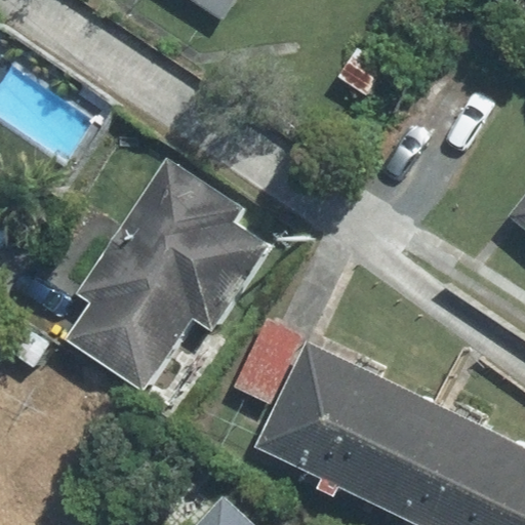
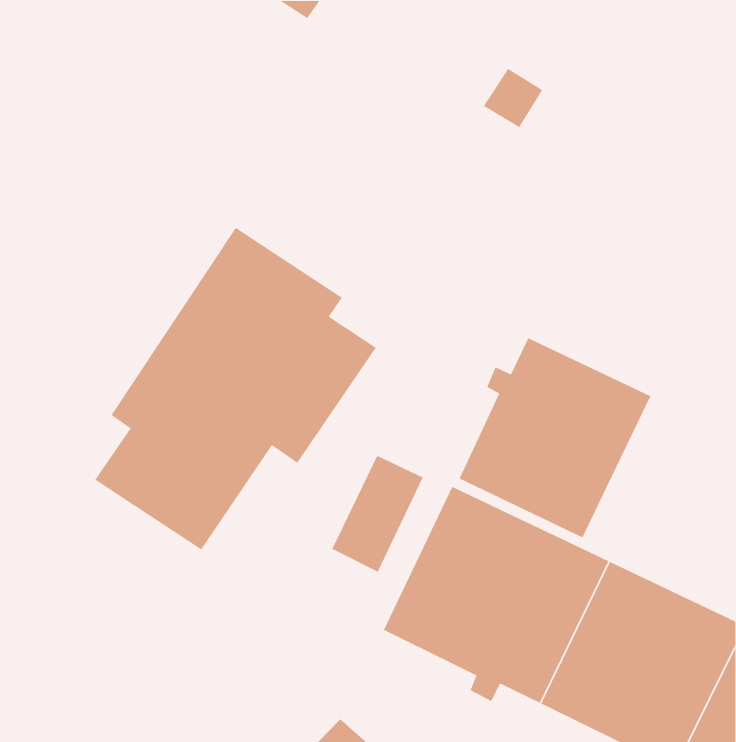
building: none -> [458,337,652,538]

